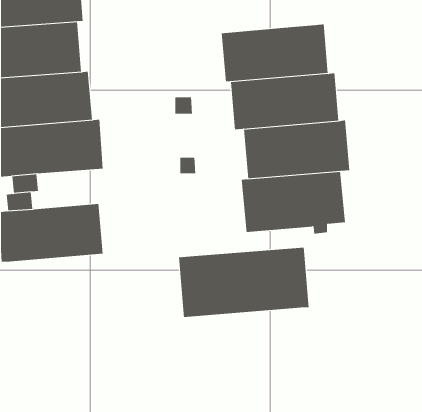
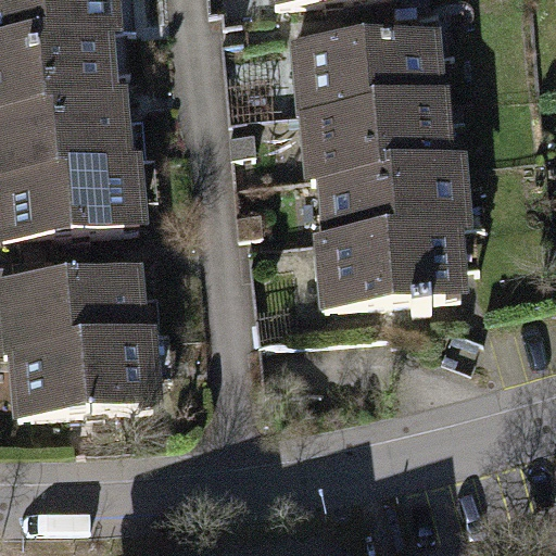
building: [179,247,309,318] -> none
building: none -> [10,333,151,410]

